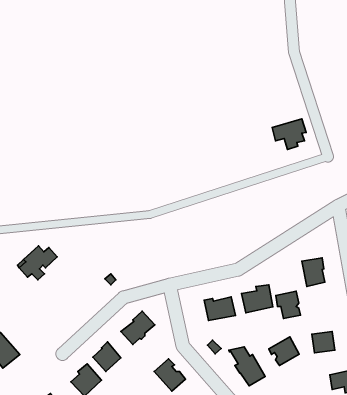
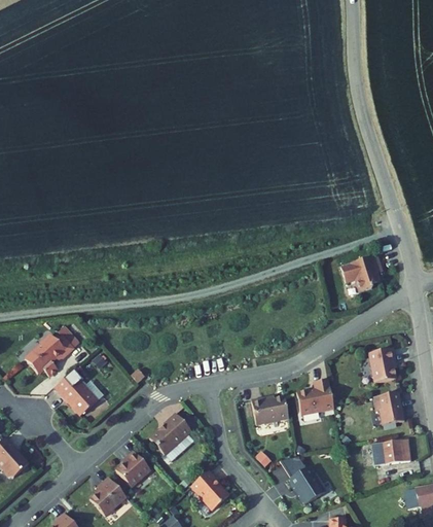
building: [272,119,306,149] -> [341,255,383,292]
building: none -> [55,374,97,415]
building: [276,291,301,318] -> [374,391,404,424]
building: [269,337,299,366] -> none

